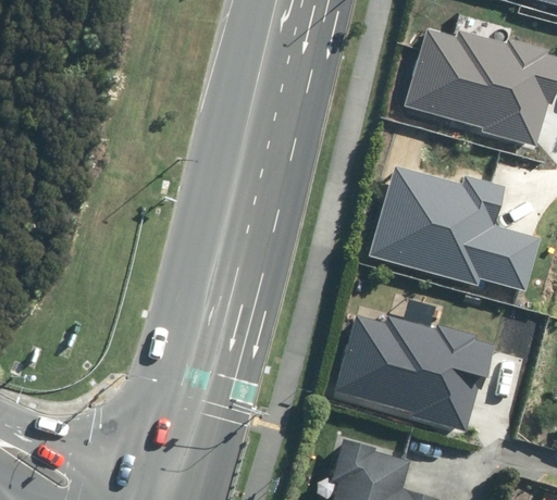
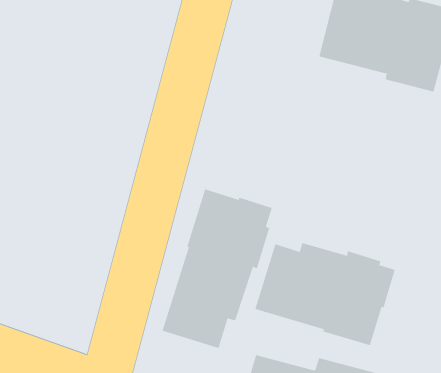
building: [369,166,540,290] -> none
building: none -> [162,189,272,349]

